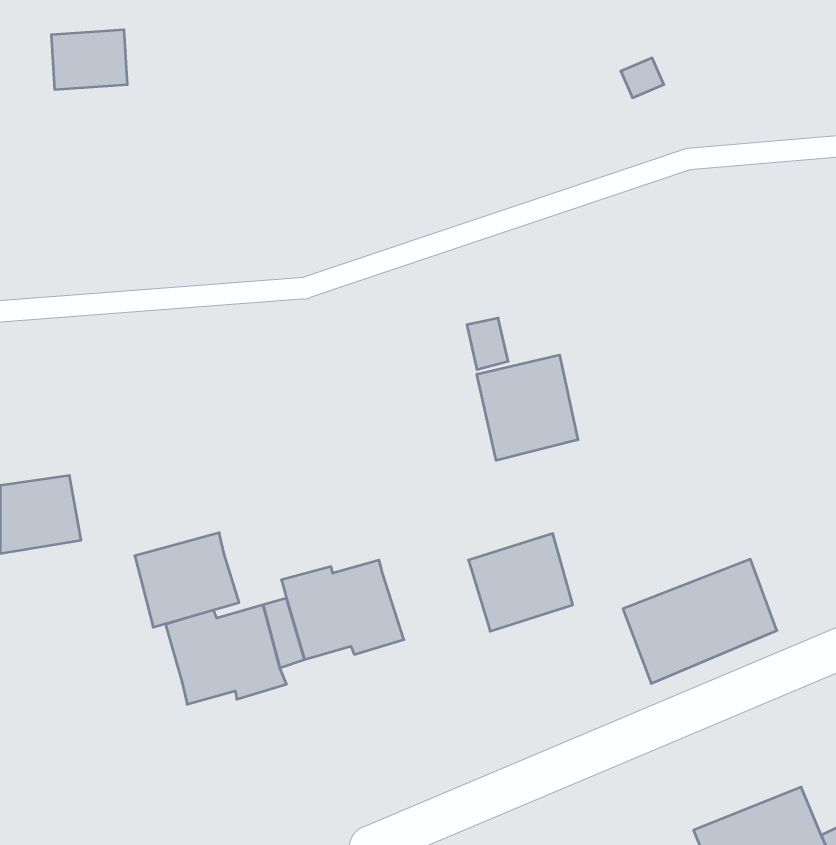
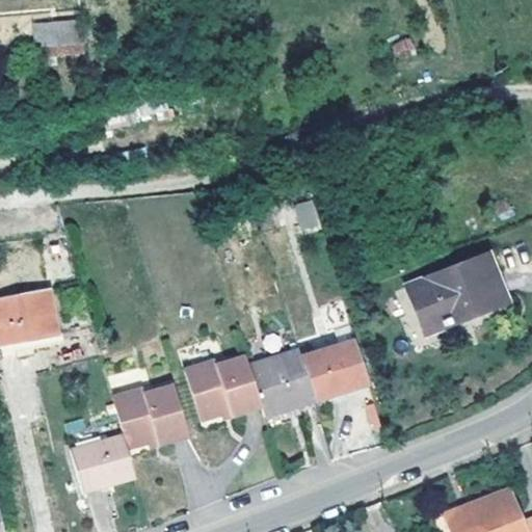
building: [477,355,578,460] -> none
building: [135,533,239,627] -> [68,429,133,488]
building: none -> [246,346,314,414]
building: [623,559,777,683] -> [409,262,506,340]

